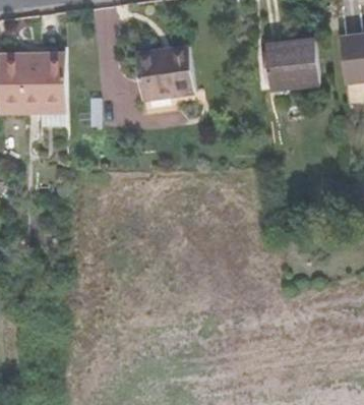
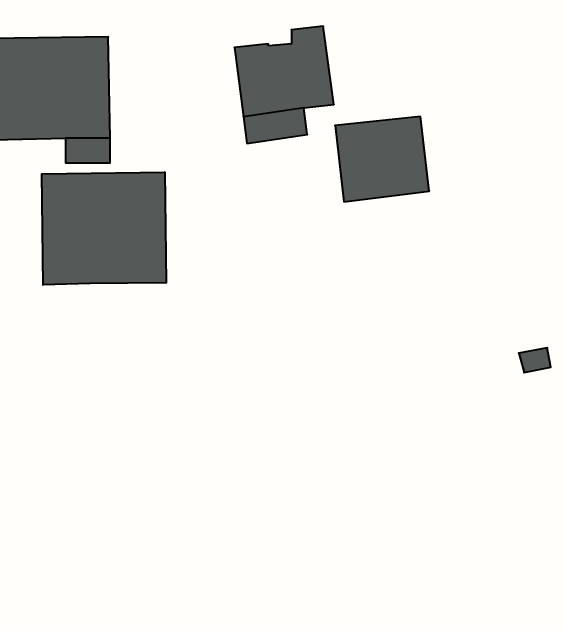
building: [264,38,318,86] -> [335,117,429,202]
building: none -> [42,172,166,285]

